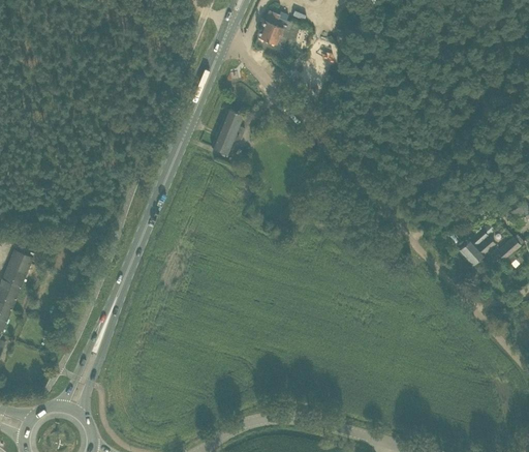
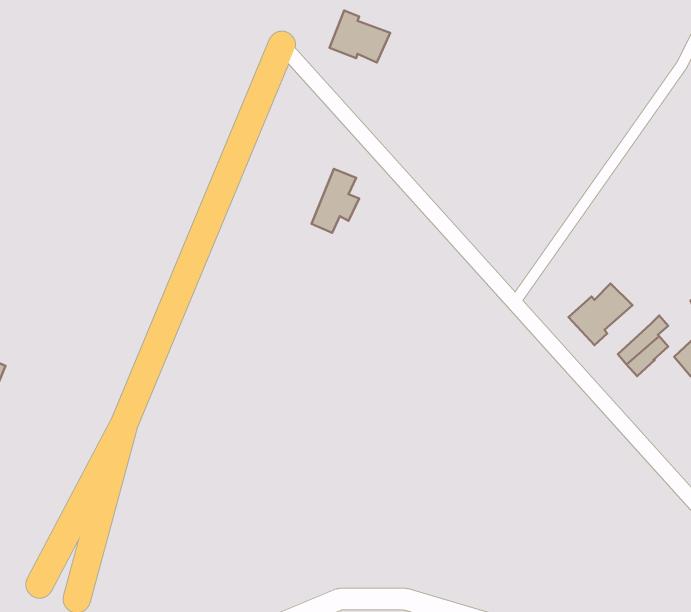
building: [211,109,244,153] -> [311,169,359,233]
building: none -> [569,283,633,345]

